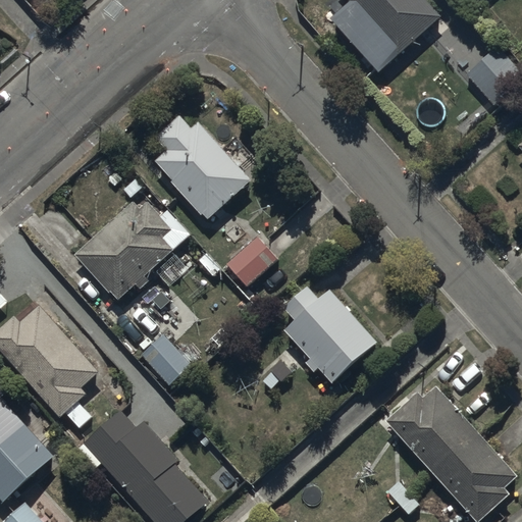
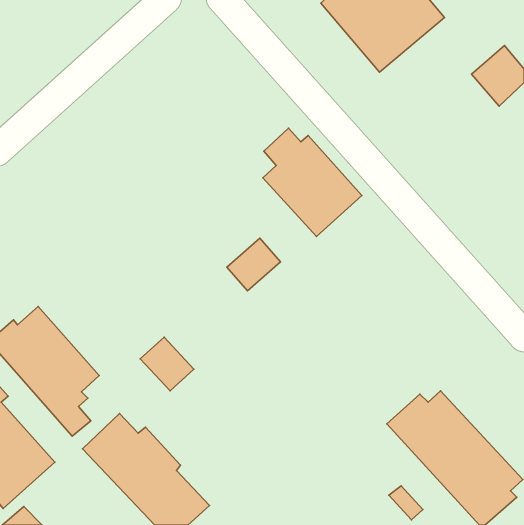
building: [153,114,251,221] -> [263,128,362,237]
building: [73,201,189,312] -> none
building: [283,288,377,384] -> none

